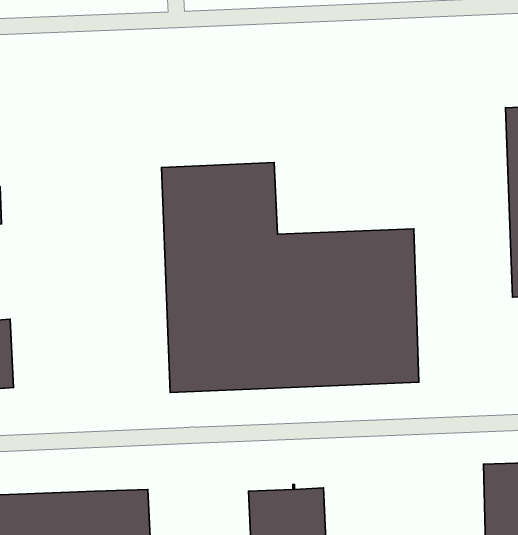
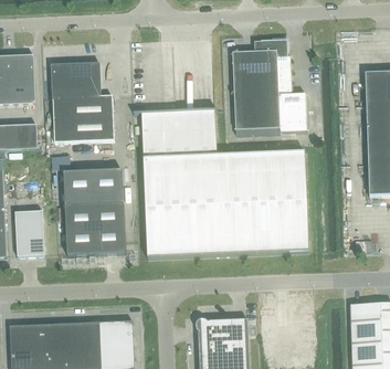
building: none -> [232,38,307,131]
building: none -> [51,62,114,141]
building: none -> [63,168,126,254]

